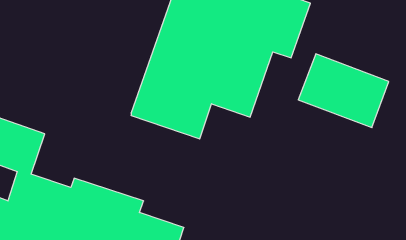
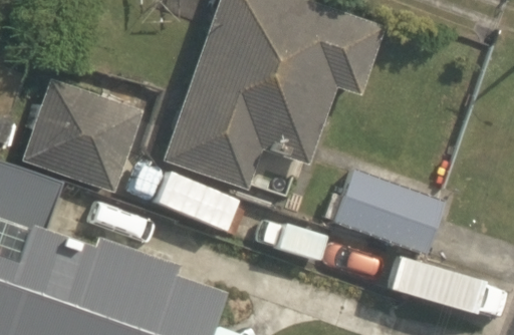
building: none -> [23,76,142,193]
building: [298,54,389,128] -> [334,168,443,256]

